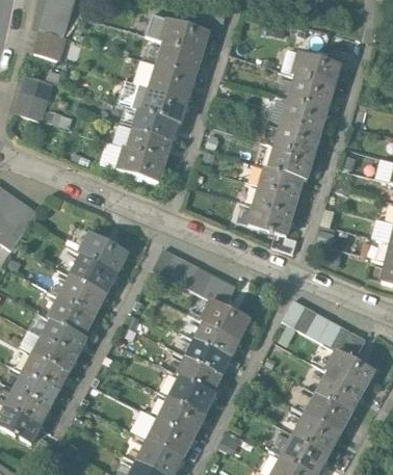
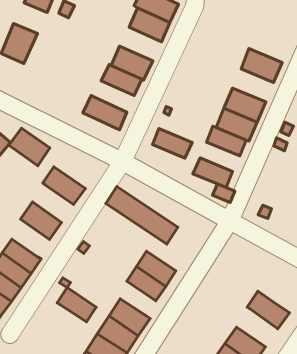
building: [290,53,339,87] -> none
building: [147,67,193,102] -> none
building: [280,100,325,134] -> none
building: [124,131,169,163] -> none
building: [252,187,296,217] -> [152,129,192,158]
building: [68,256,114,296] -> [9,128,50,166]
building: [45,297,91,338] -> none
building: [281,299,364,360] -> none
building: [203,300,247,337] -> none
building: [175,354,219,391] -> [57,287,96,322]
building: [314,370,361,412] -> none

